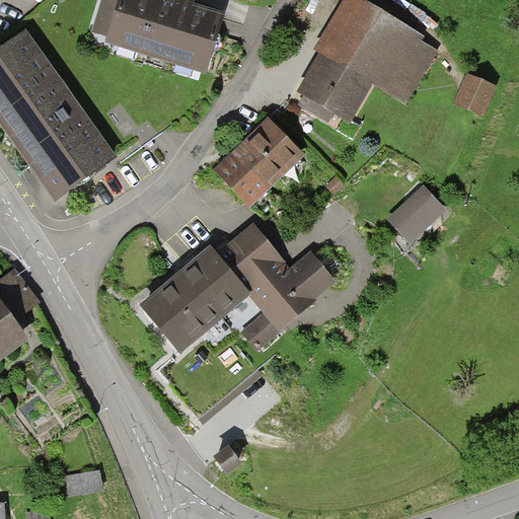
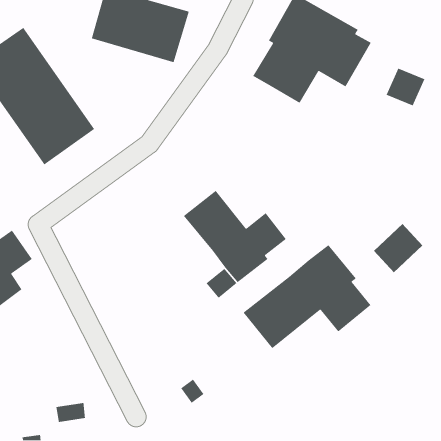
building: [213,119,301,206] -> none
building: [389,183,448,242] -> [373,223,423,273]
building: [140,247,248,353] -> none
building: none -> [242,244,371,349]

